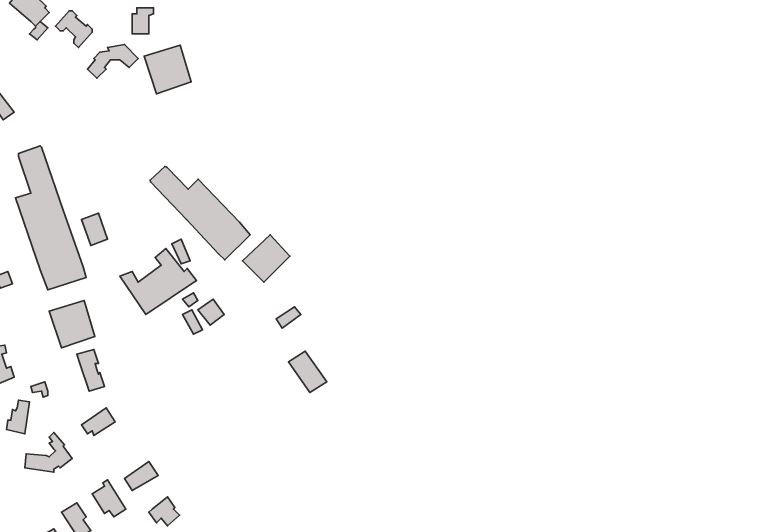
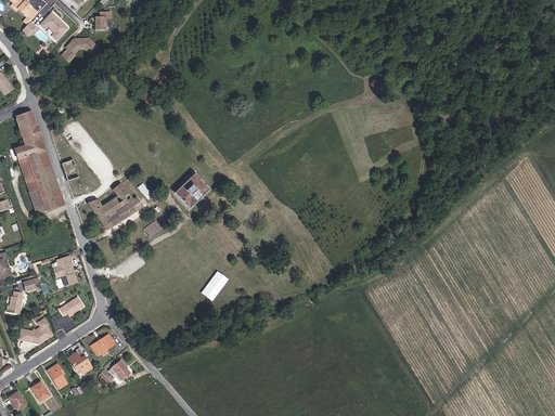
building: [144,45,191,94] -> none
building: [150,166,250,260] -> none
building: [49,301,95,348] -> none

